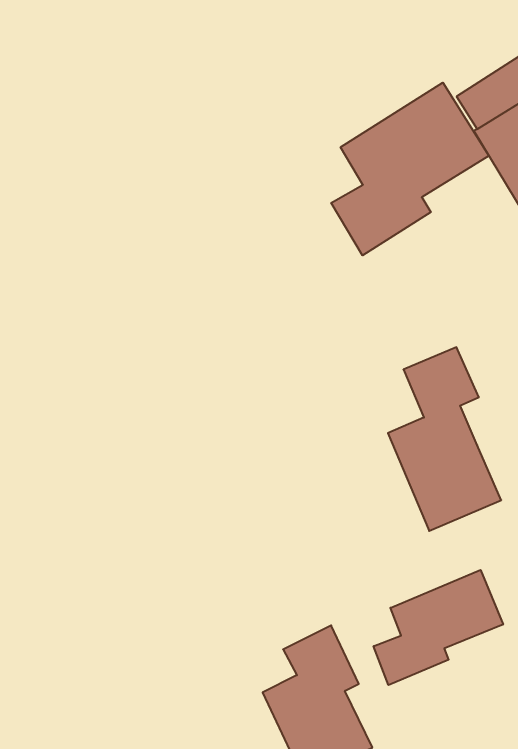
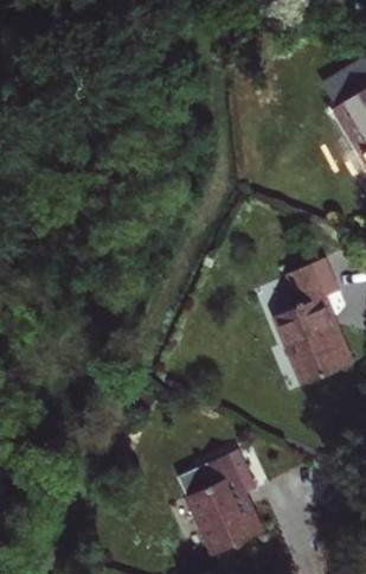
building: [331,83,489,255] -> none
building: [374,570,503,685] -> none

